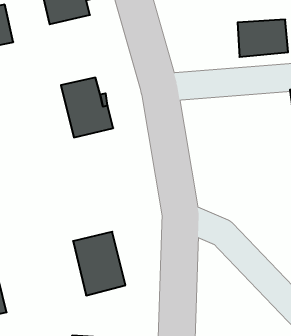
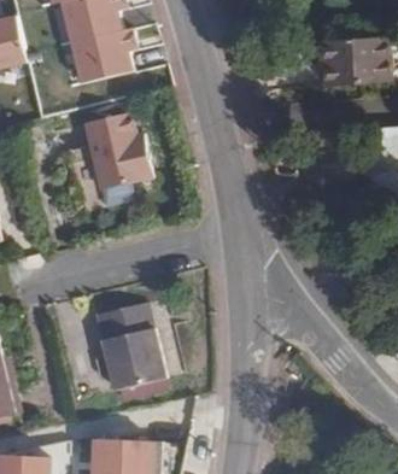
building: none -> [70,27,136,82]

